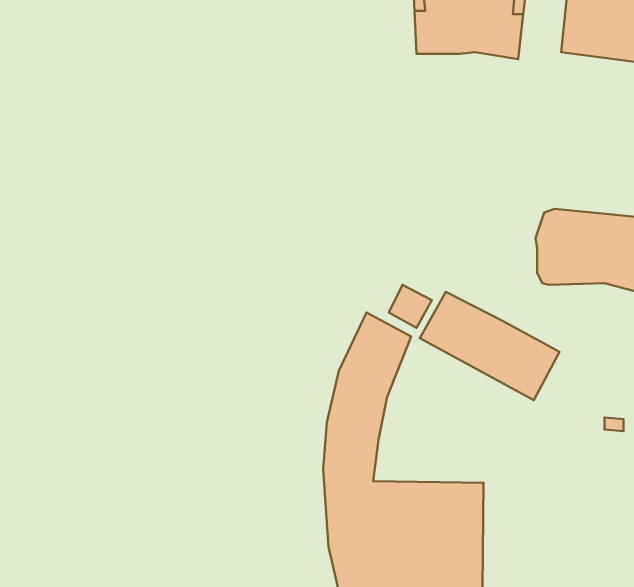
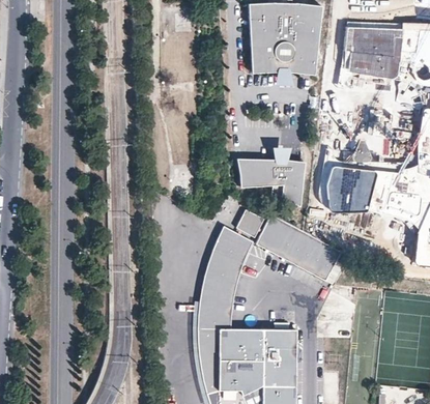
building: none -> [239,160,304,205]

